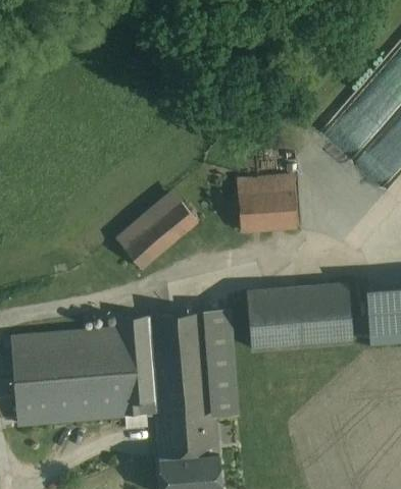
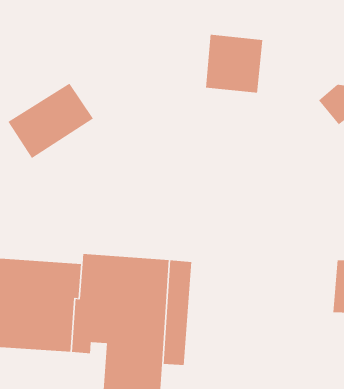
building: [240,175,295,230] -> [205,34,263,93]
building: [115,192,199,271] -> [8,83,94,159]
building: [246,284,353,348] -> none

